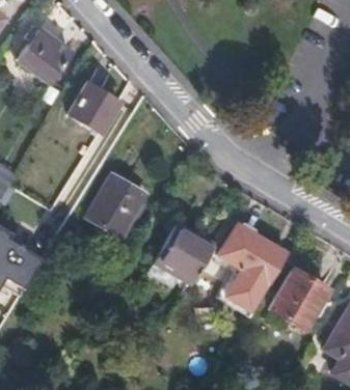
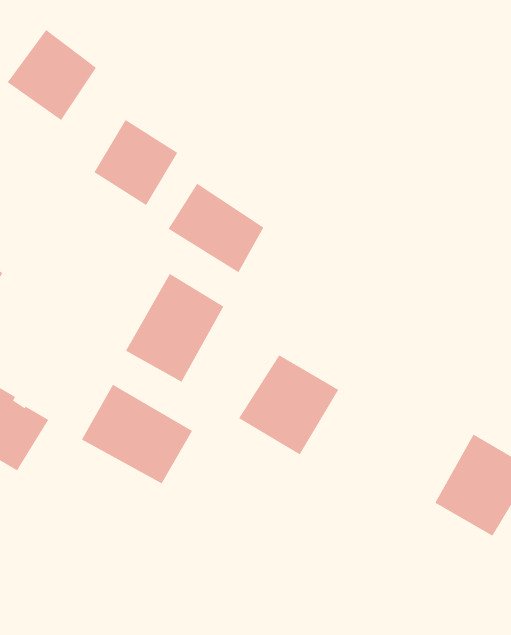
building: none -> [168,183,264,273]
building: [219,223,287,309] -> none
building: none -> [81,384,193,484]

